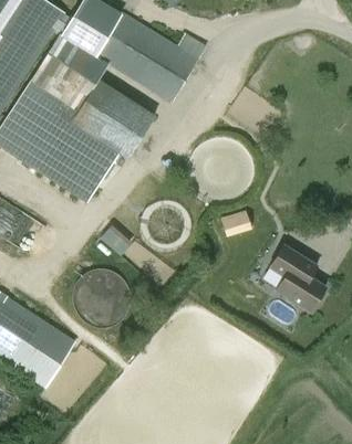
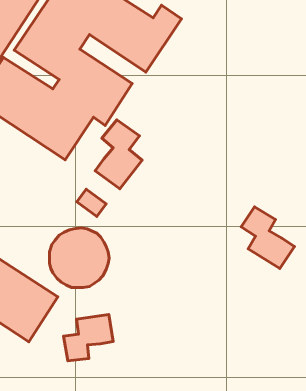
building: none -> [95,120,142,189]
building: none -> [63,315,113,361]

